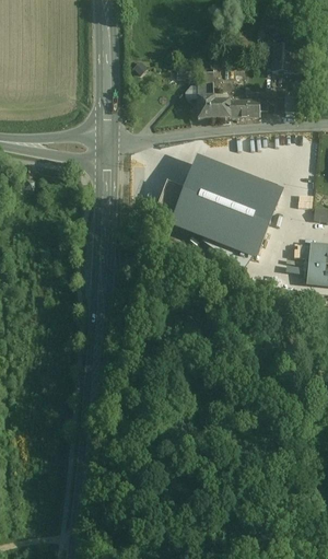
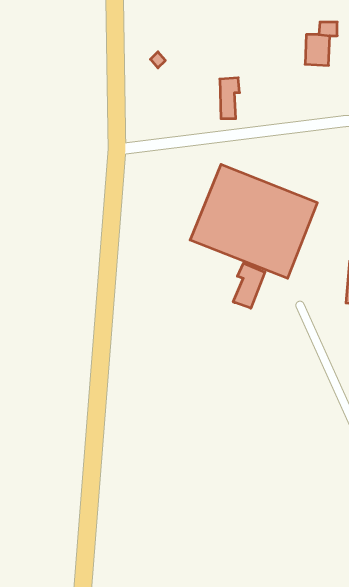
building: [209,94,259,117] -> none
building: none -> [233,263,265,308]

